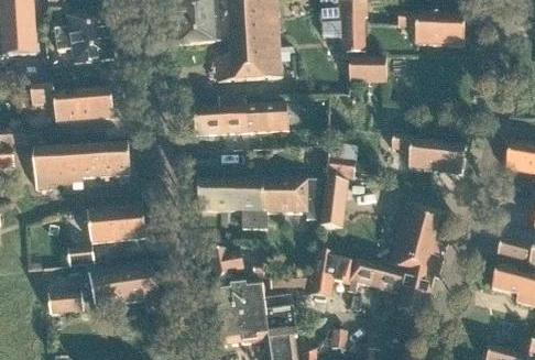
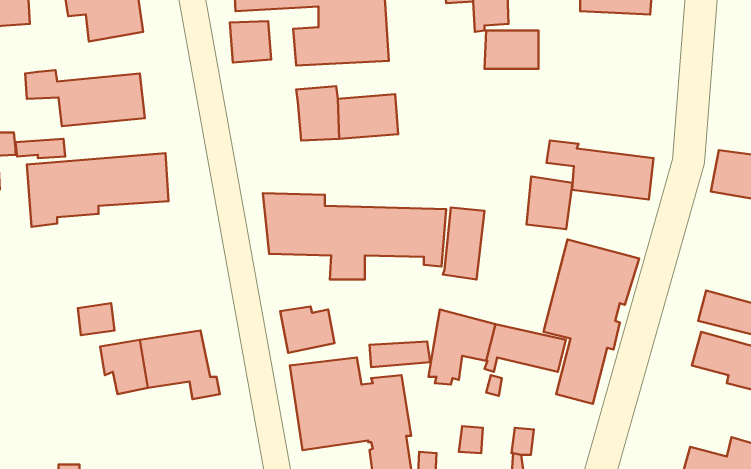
building: [193,106,221,134] -> [230,21,271,63]
building: [325,142,357,178] -> [526,176,573,229]
building: [81,204,145,242] -> none
building: [47,274,86,313] -> none

